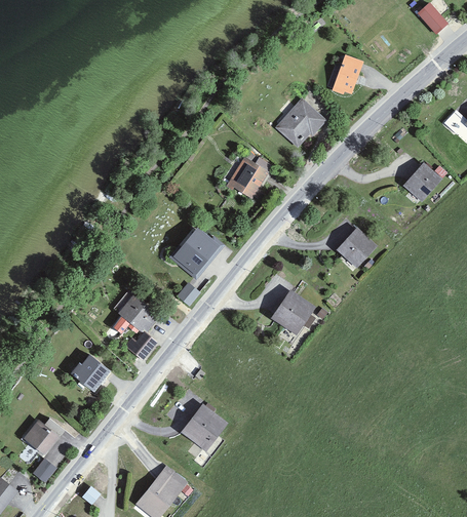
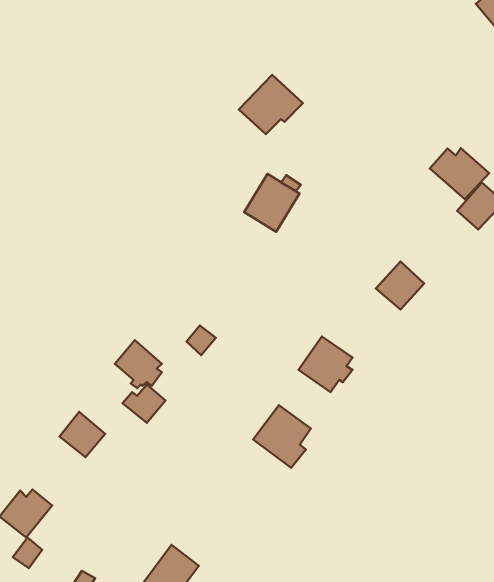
building: [333,55,360,94] -> none
building: [274,97,327,147] -> [239,75,303,134]
building: none -> [430,148,489,199]
building: [173,228,220,275] -> none
building: [179,403,227,455] -> [253,405,311,468]

